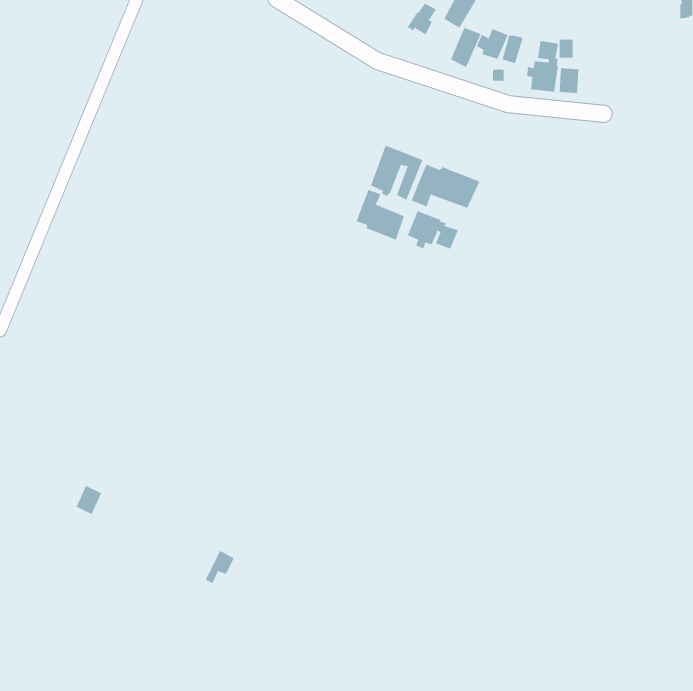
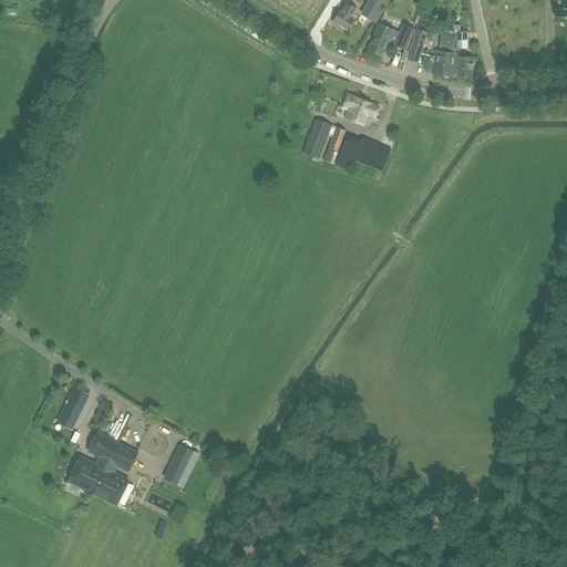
building: none -> [341,93,379,125]
building: [356,189,405,240] -> none
building: [407,211,458,250] -> none
building: none -> [69,432,137,503]

